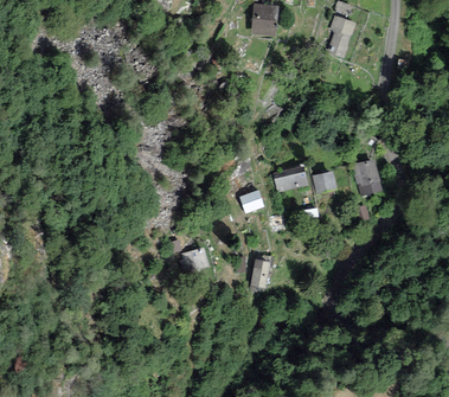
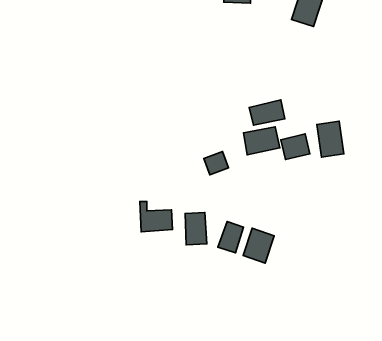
building: none -> [249,100,285,125]
building: none -> [185,212,207,245]
building: none -> [243,228,274,263]

